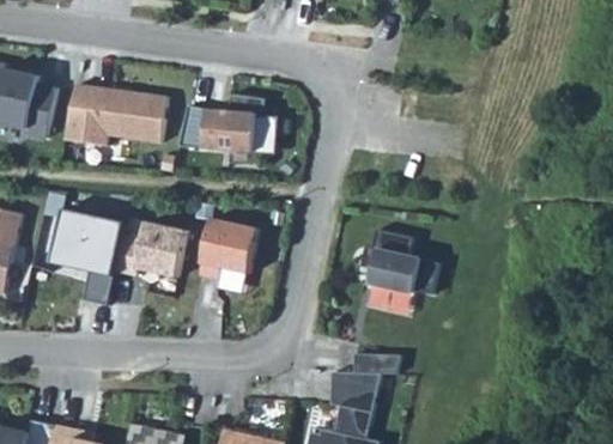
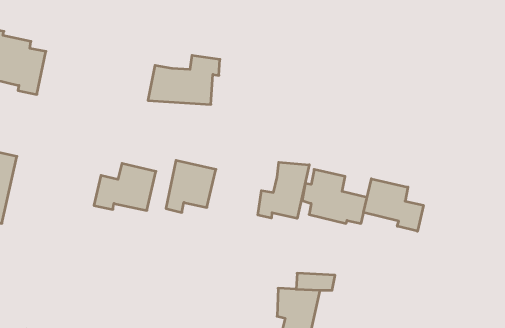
building: [62,84,165,145] -> none
building: [44,217,122,292] -> none
building: none -> [258,162,309,218]
building: none -> [364,179,423,231]

